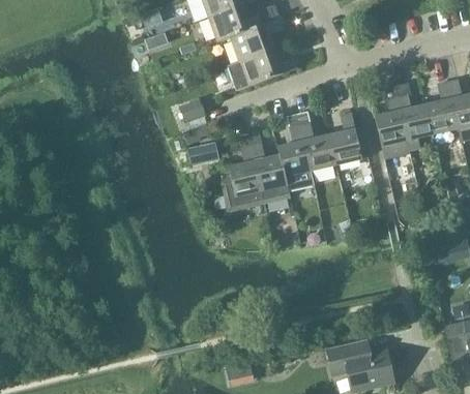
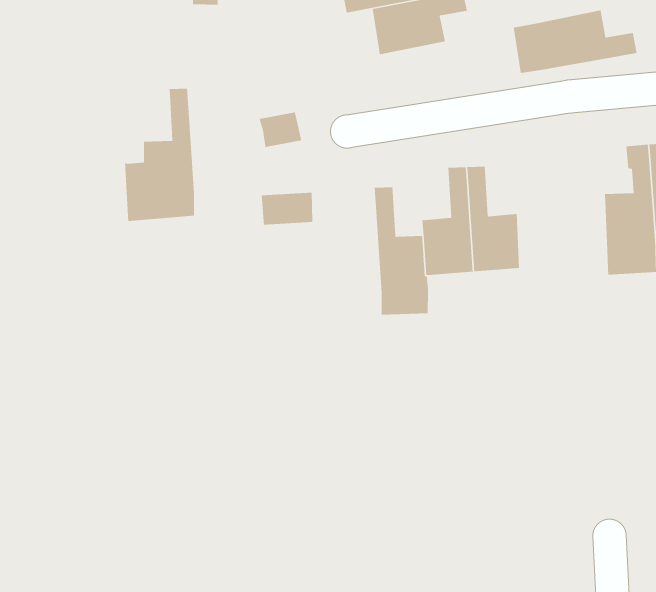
building: [228,48,298,90] -> [513,10,638,74]
building: [329,112,362,164] -> none
building: [221,133,264,212] -> [124,88,195,222]

